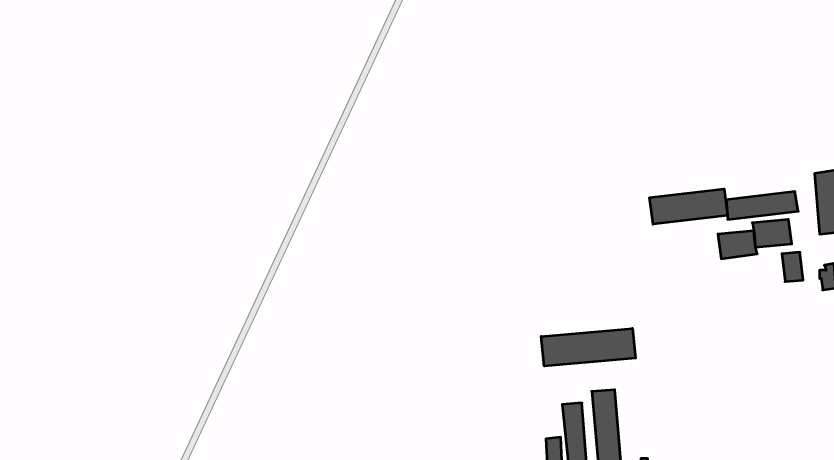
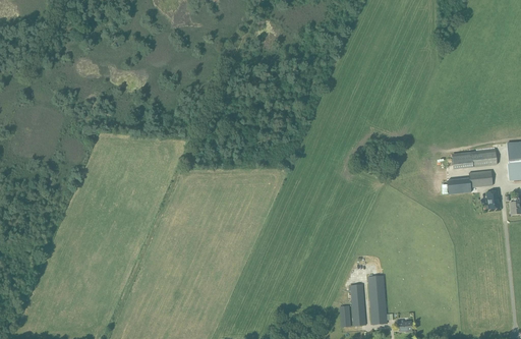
building: [650,189,727,224] -> none
building: [541,328,636,366] -> none

